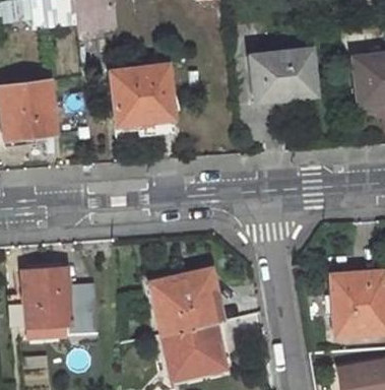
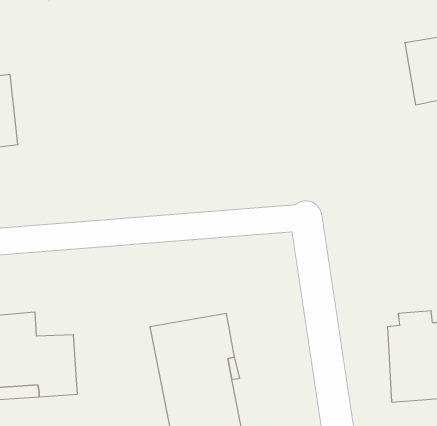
building: [245,51,313,107] -> none
building: [108,68,171,133] -> none

